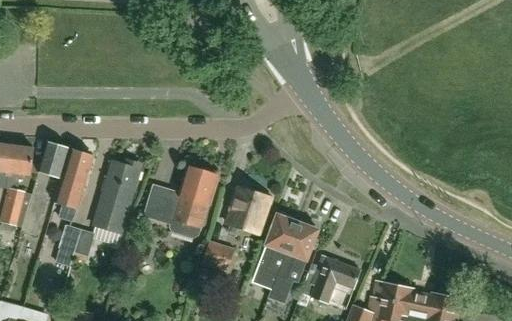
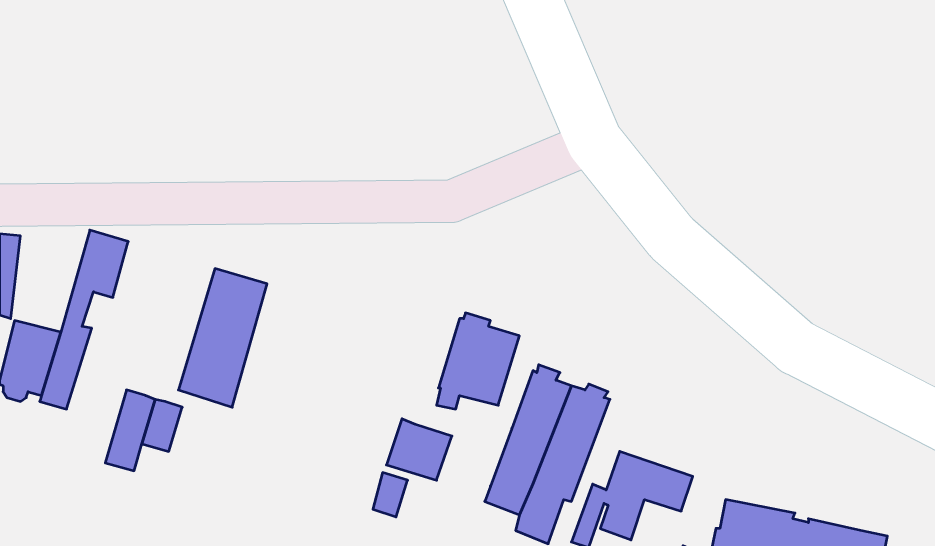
building: [6,144,33,188] -> none
building: [54,148,92,219] -> none
building: [143,166,218,238] -> none

